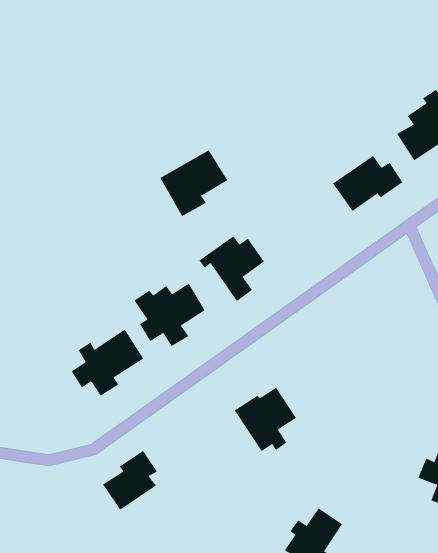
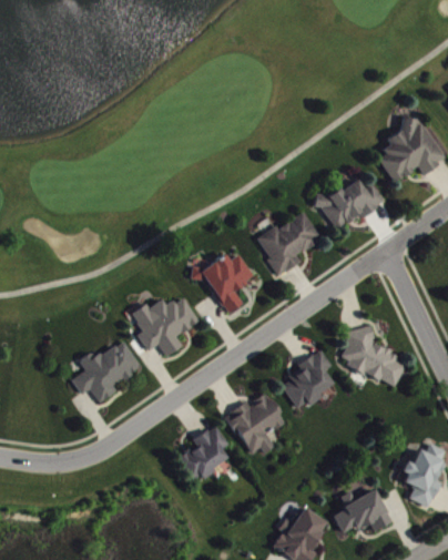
building: [159,150,228,217] -> [256,212,320,275]
building: none -> [344,325,405,387]
building: none -> [278,352,334,407]
building: [102,450,158,510] -> [177,425,230,481]
building: none -> [333,489,390,533]

